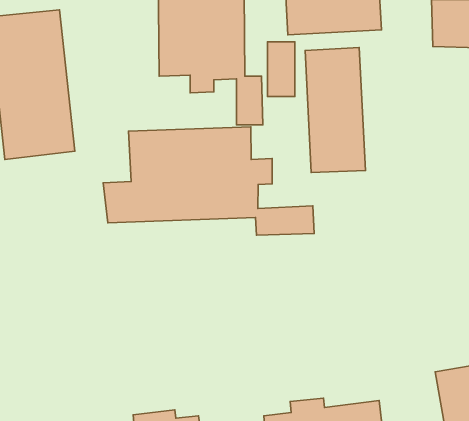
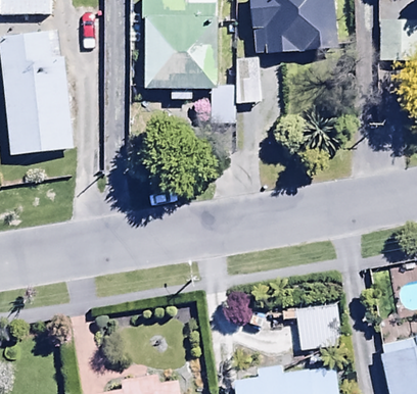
building: [305,47,366,173] -> none
building: [103,127,314,235] -> none
building: none -> [297,305,340,351]

